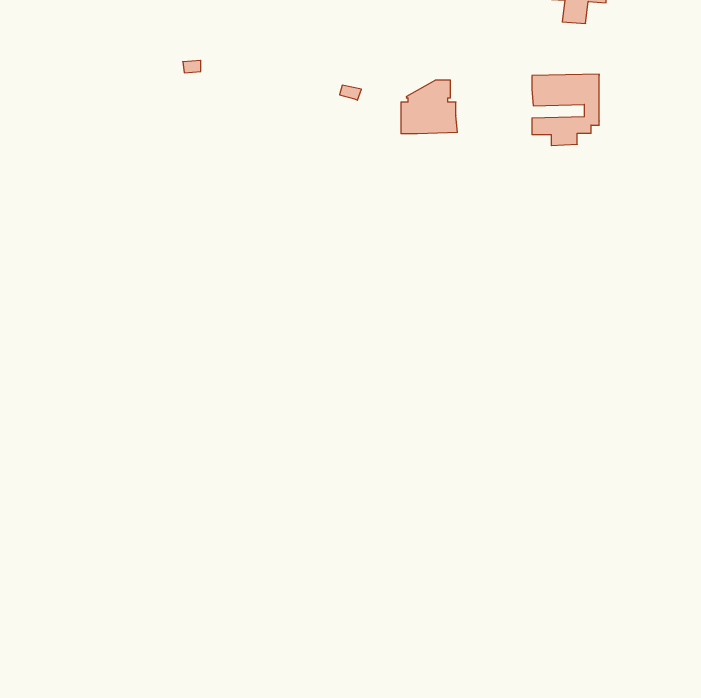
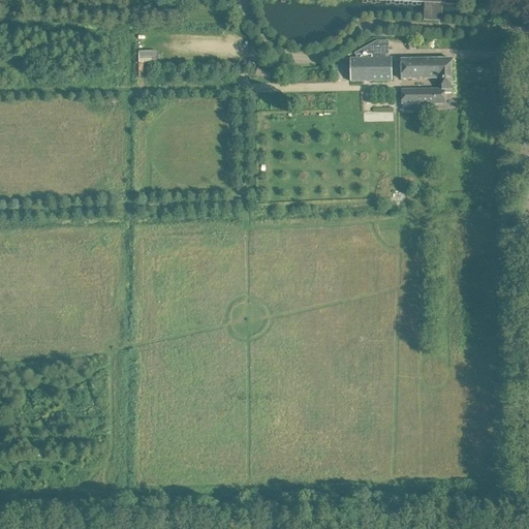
building: [401,80,457,134] -> [349,38,392,79]

